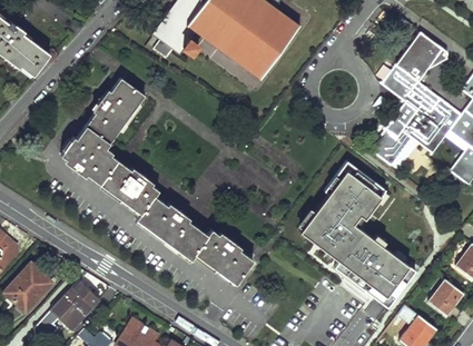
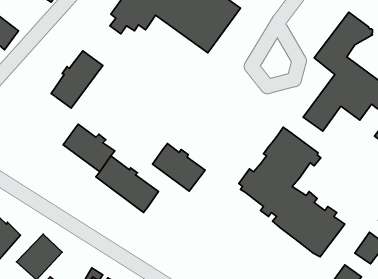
building: [61,123,117,181] -> none
building: [195,228,254,281] -> [152,143,205,191]

